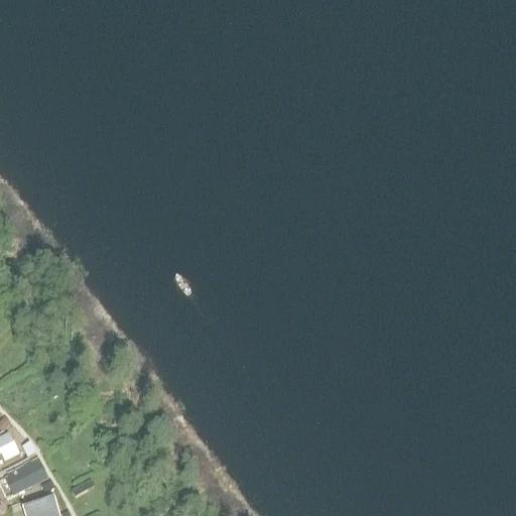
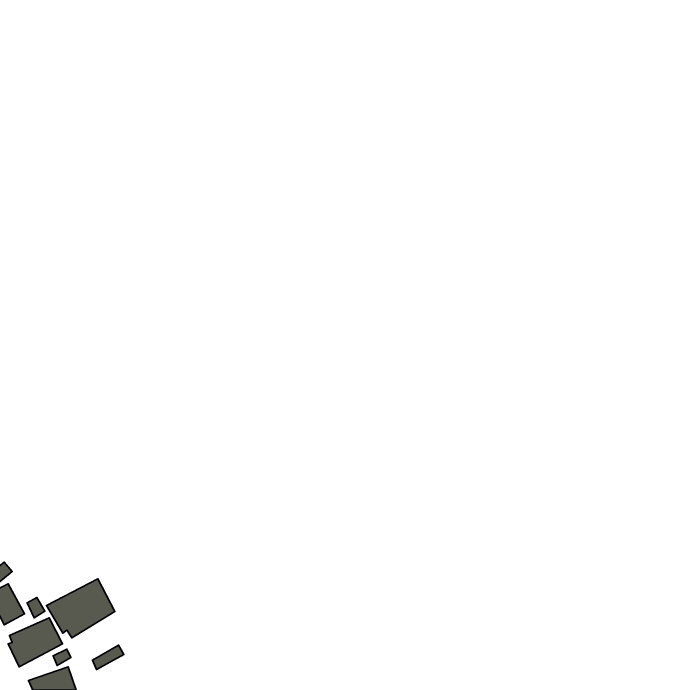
building: none -> [47,579,115,638]

